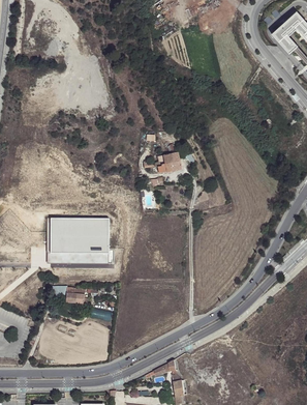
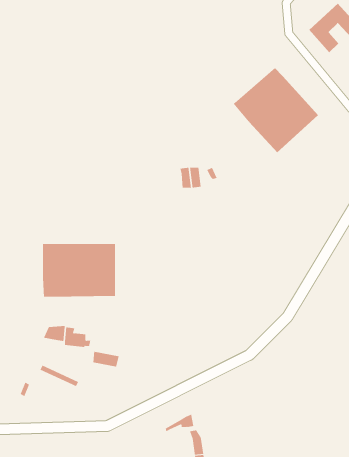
building: none -> [233,67,319,153]

